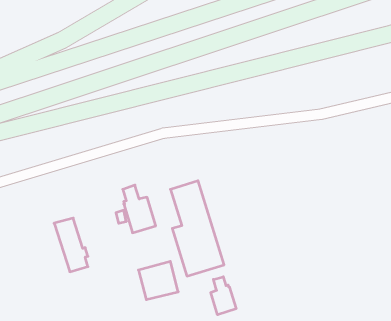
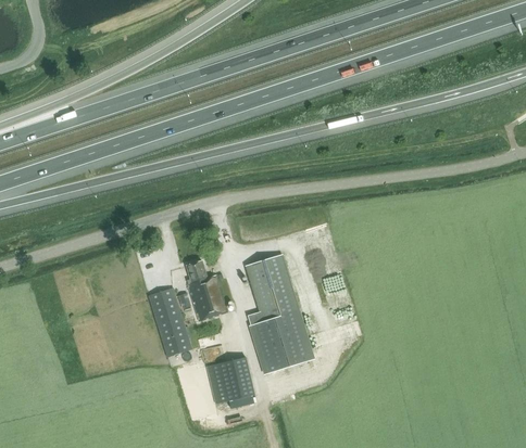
building: [54,218,88,272] -> [148,289,190,356]
building: [211,277,236,315] -> none

